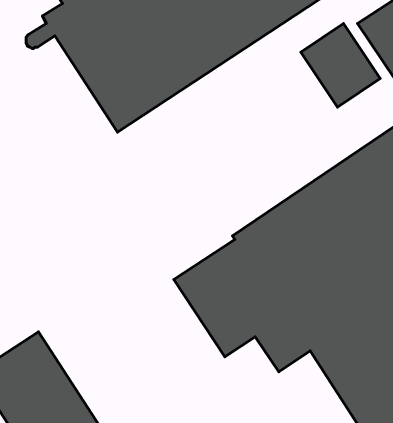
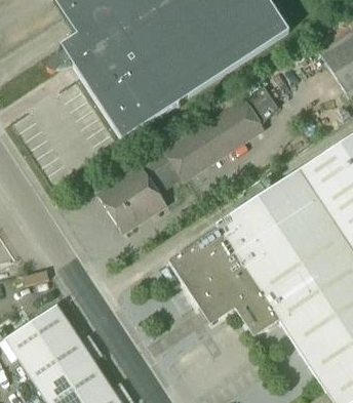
building: [301,23,380,107] -> none
building: none -> [97,84,277,230]

